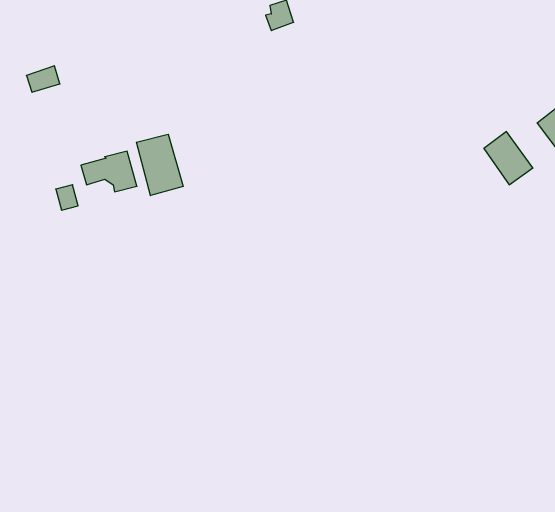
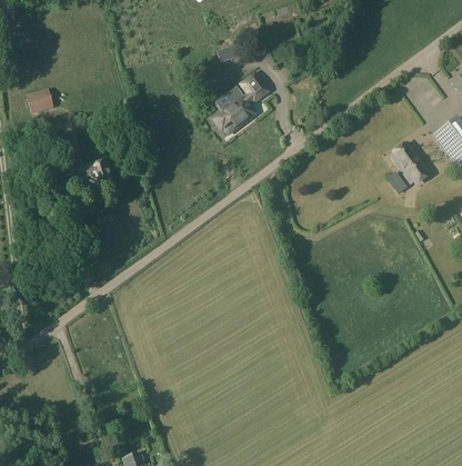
building: none -> [214,73,269,133]
building: [136,134,183,196] -> none

